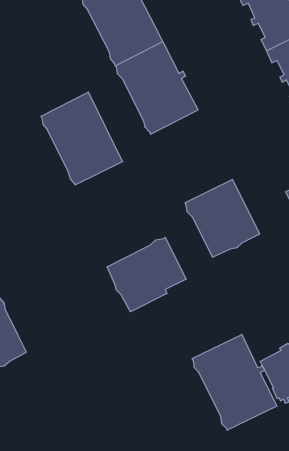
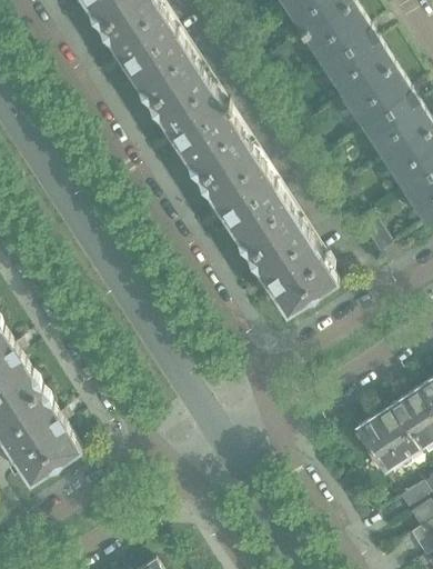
building: [41,92,123,185] -> [198,144,299,254]
building: [107,237,186,312] -> none
building: [192,334,277,430] -> none

